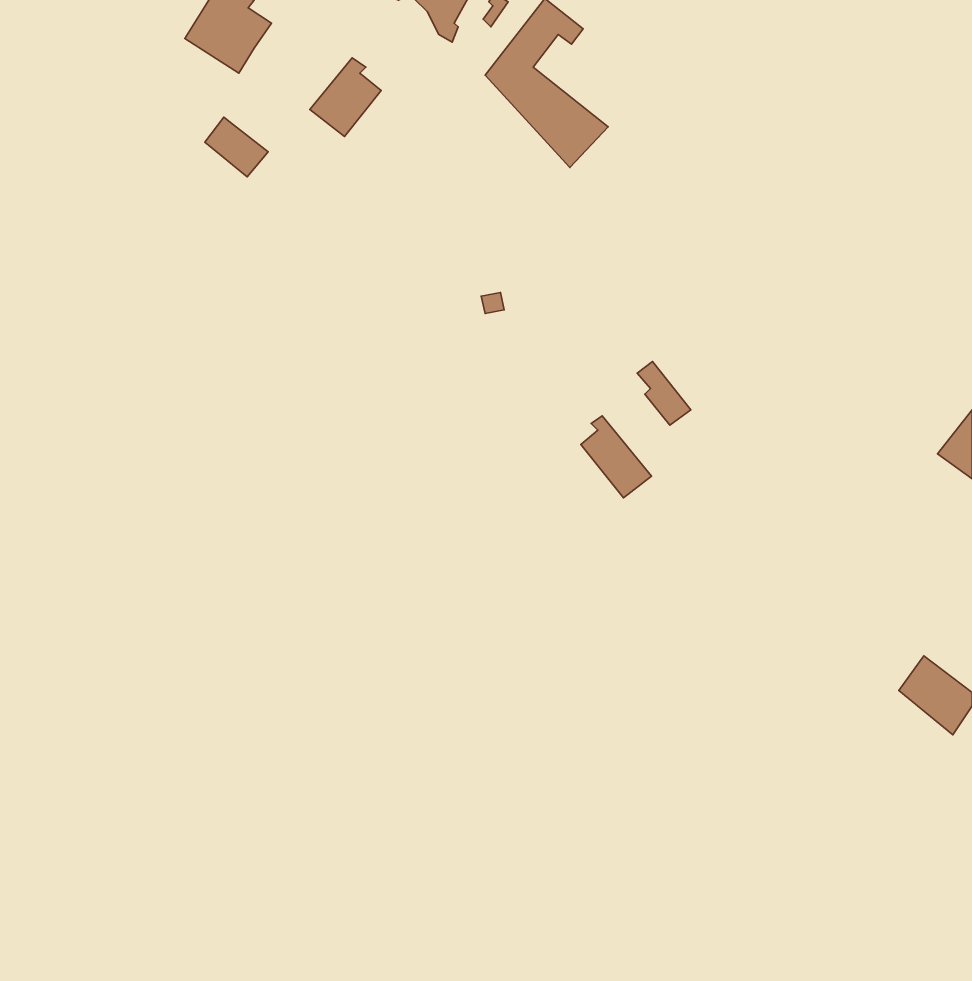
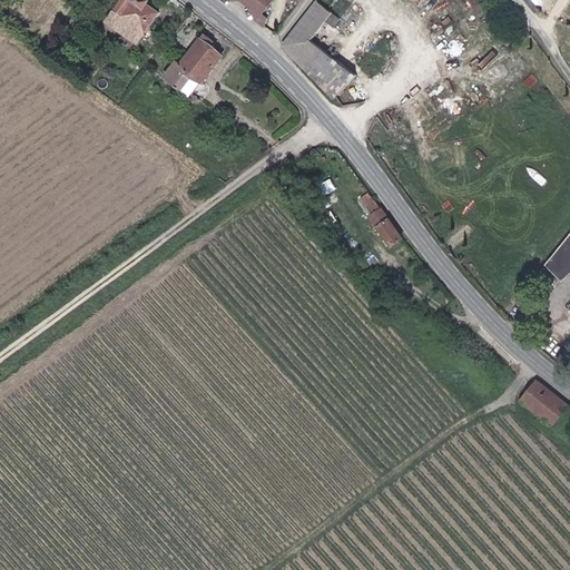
building: [205,117,268,177] -> [163,59,199,94]
building: [581,416,651,498] -> none

